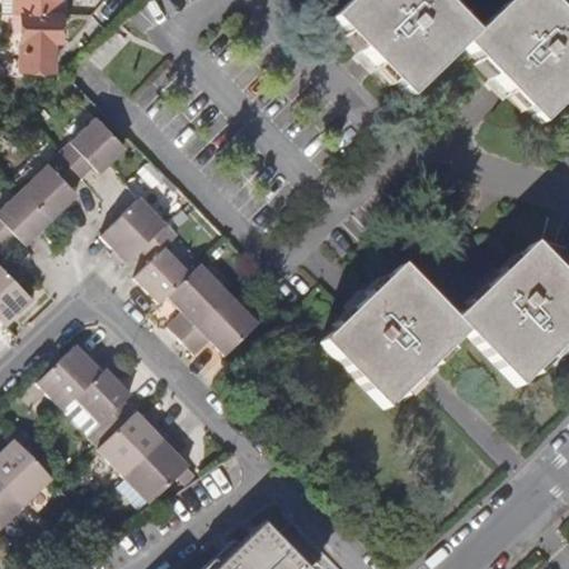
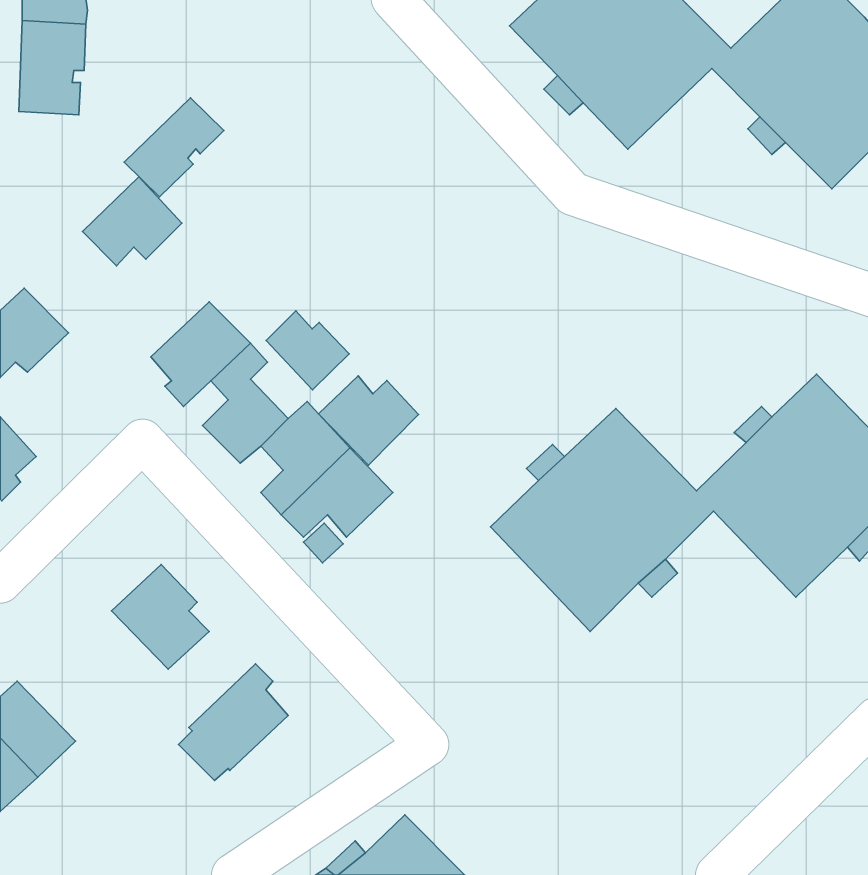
building: none -> [124,98,224,197]
building: [21,150,81,216] -> none
building: none -> [266,311,349,390]
building: none -> [318,376,419,465]
building: [40,345,110,407] -> none
building: [103,409,171,471] -> none

